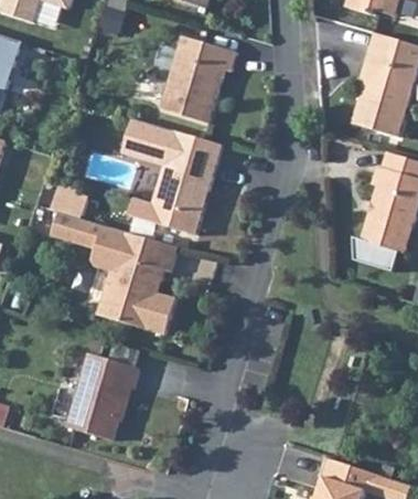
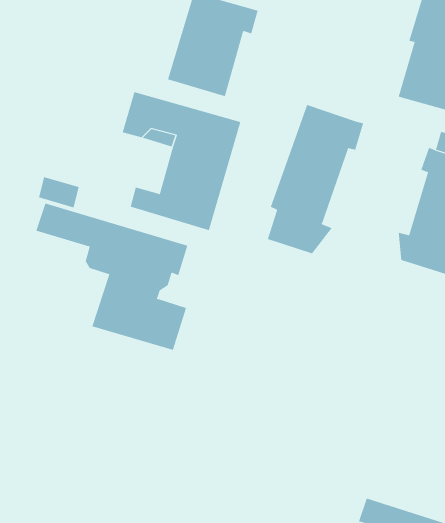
building: none -> [267,104,364,254]
building: [67,352,139,439] -> none

